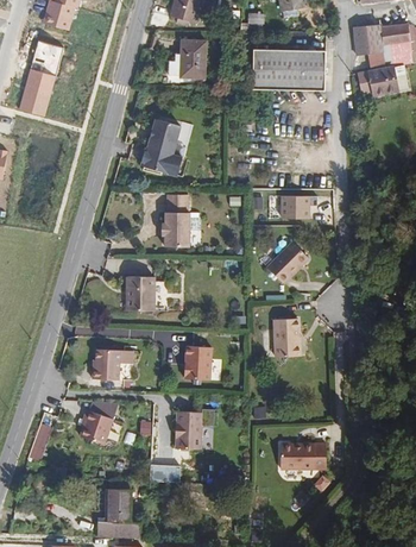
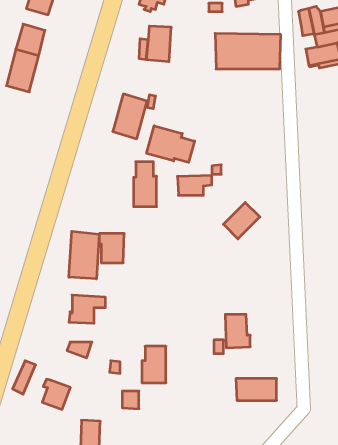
building: none -> [147,126,195,162]
building: [279,193,319,215] -> [177,175,212,195]
building: none -> [69,231,99,279]
building: [272,319,301,357] -> [225,314,250,348]
building: [183,346,212,382] -> none
building: [78,410,111,445] -> [42,379,70,409]

